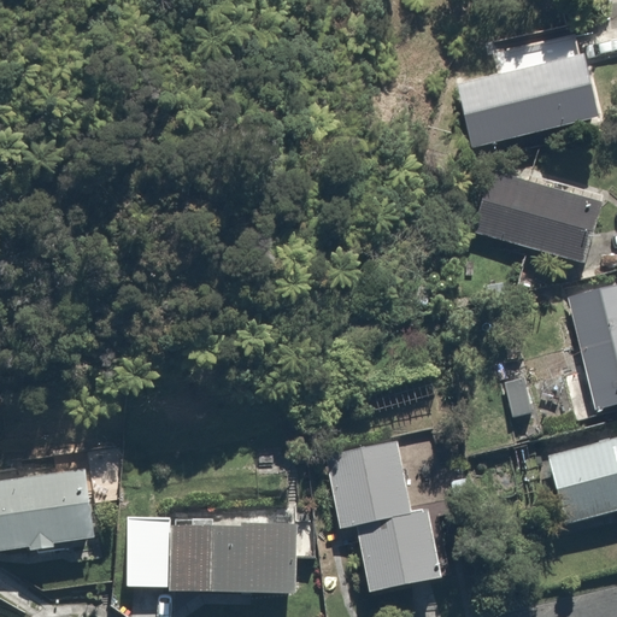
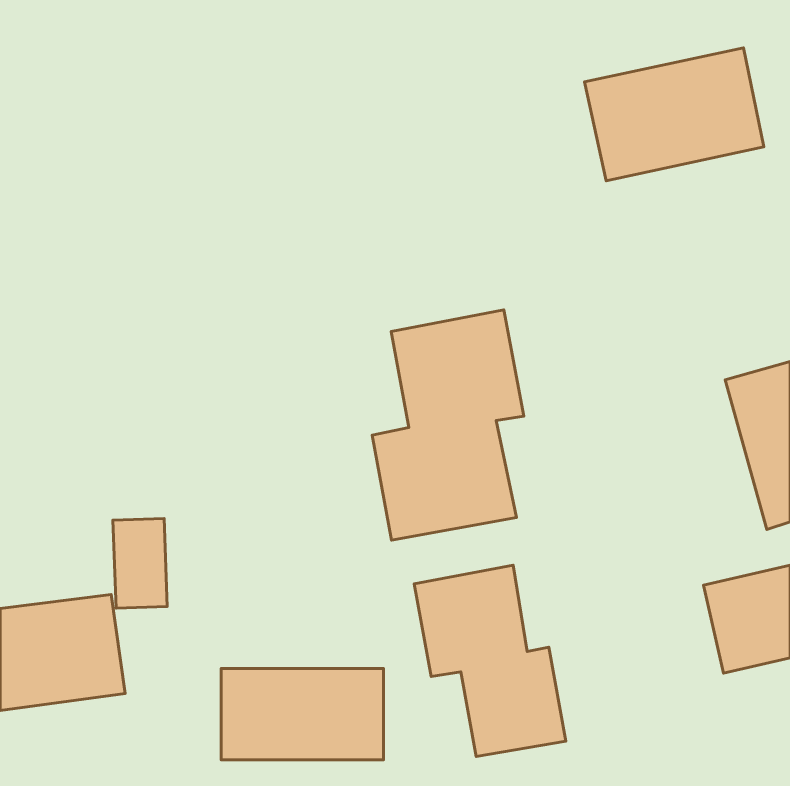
building: [478,168,606,269] -> none
building: none -> [372,310,524,540]
building: [124,517,166,587] -> [113,519,167,608]

